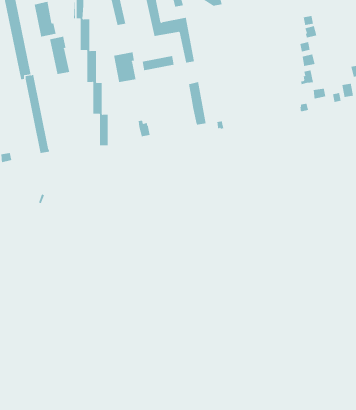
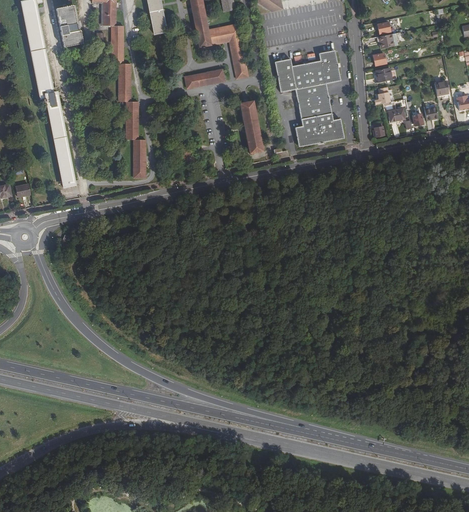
building: [50,36,70,75] -> none
building: none -> [274,49,343,145]
building: [113,51,136,83] -> none

